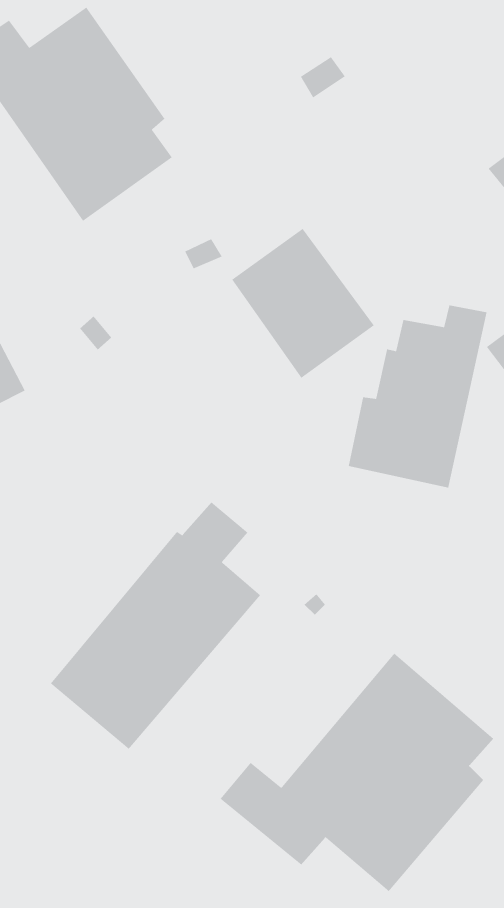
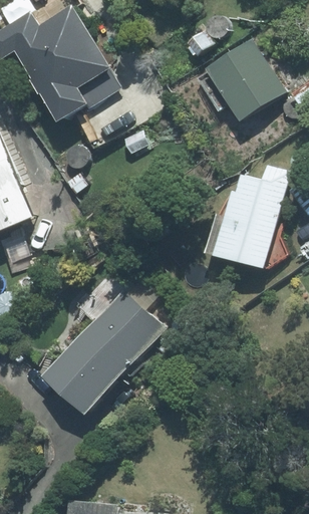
building: [231,228,375,379] -> [203,39,281,121]
building: [220,653,494,892] -> none

